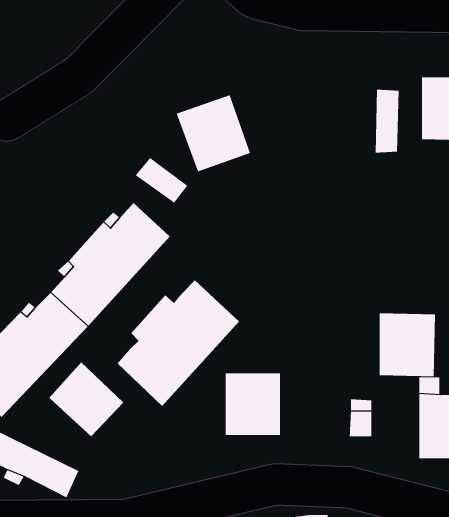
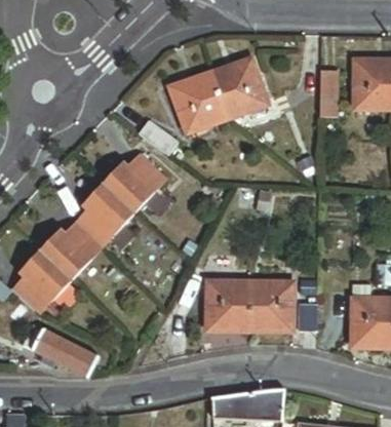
building: none -> [210,57,267,116]
building: [117,280,240,407] -> none
building: [379,313,436,377] -> [248,281,291,329]
building: [49,362,124,437] -> none

